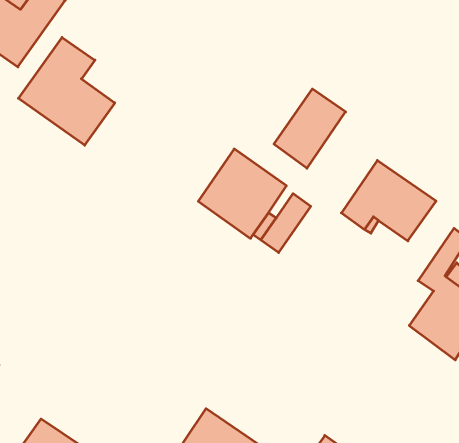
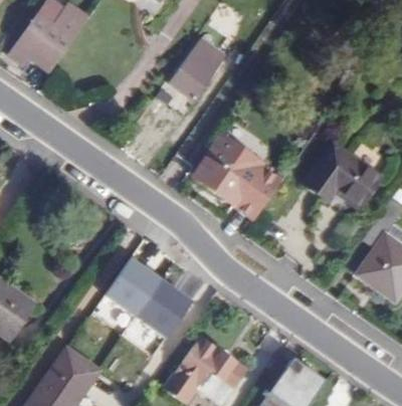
building: [18,37,115,145] -> none
building: [274,89,346,168] -> [170,39,226,102]
building: none -> [97,253,189,338]

